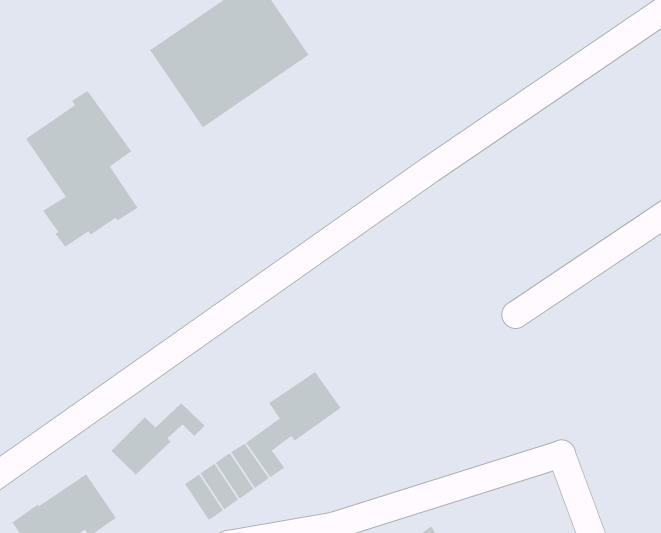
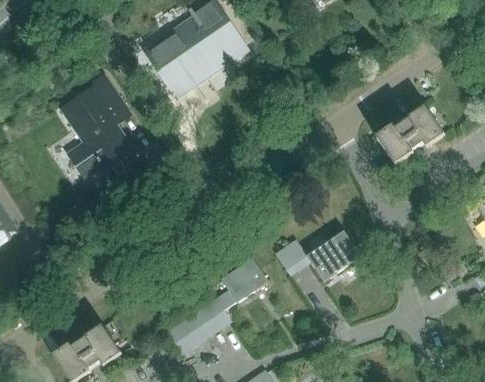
building: none -> [375,105,444,165]
building: none -> [274,230,361,281]
building: [111,403,205,476] -> none

